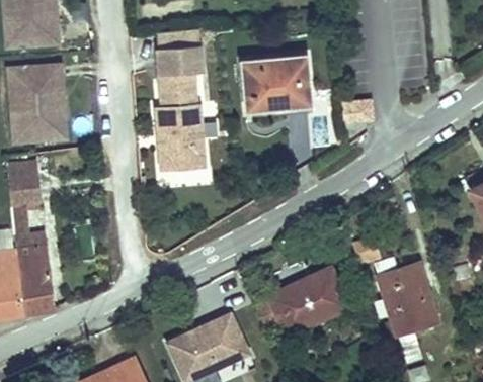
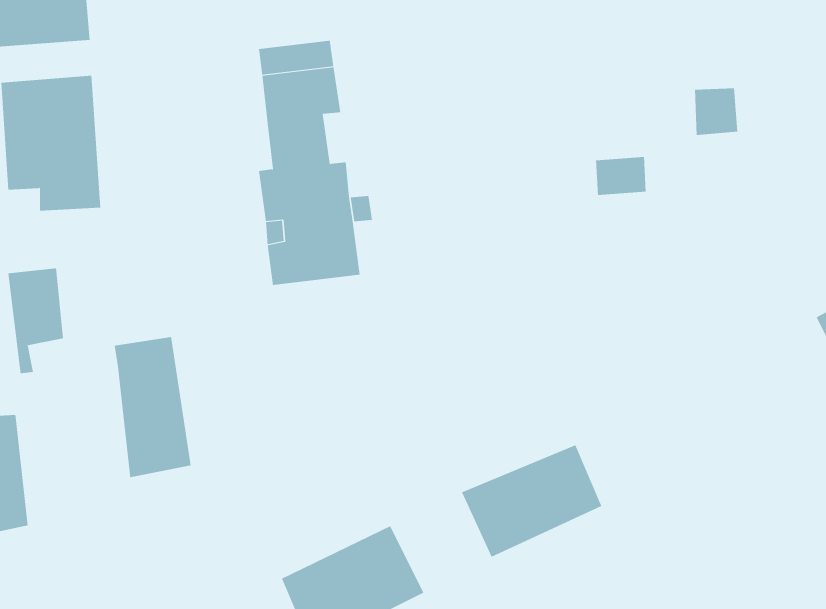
building: [240,54,312,116] -> none
building: [10,232,55,313] -> [114,337,191,478]
building: [378,262,441,336] -> none

